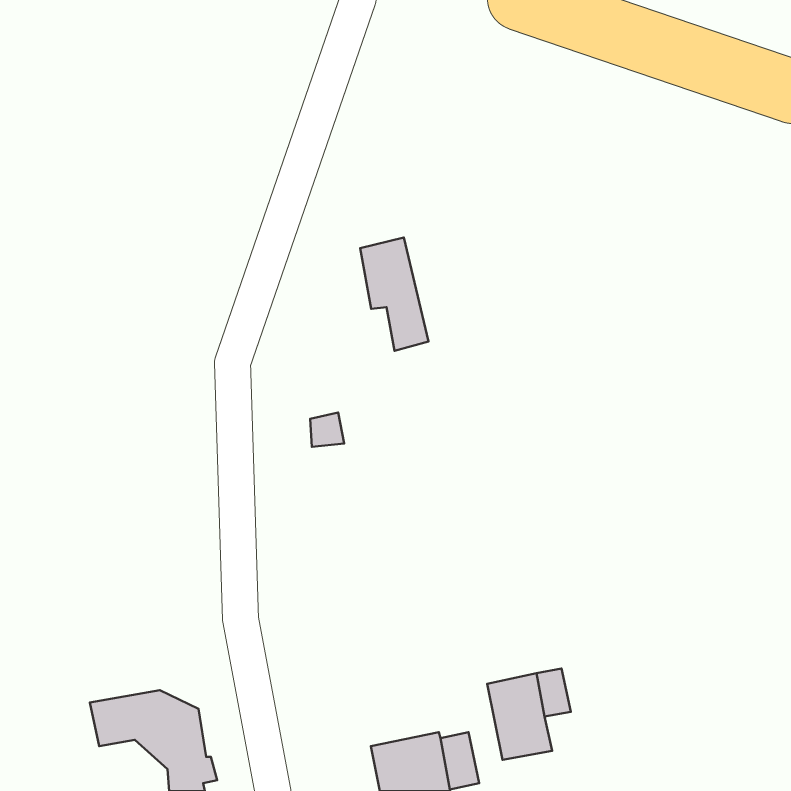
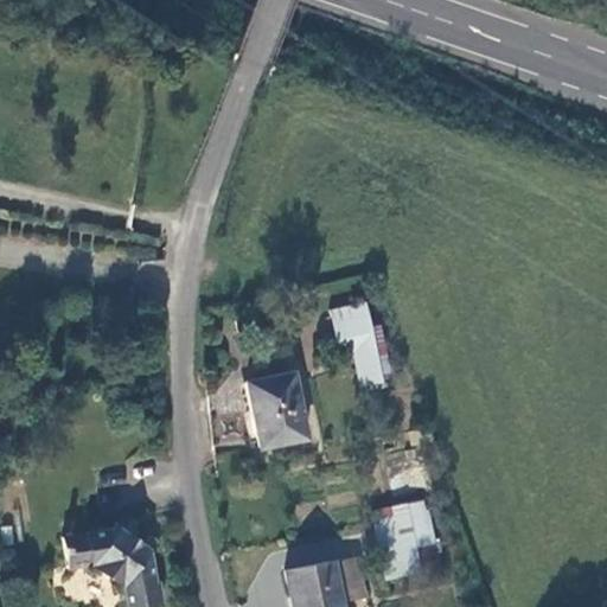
building: [360,237,428,351] -> [333,302,385,389]
building: none -> [247,372,308,451]

